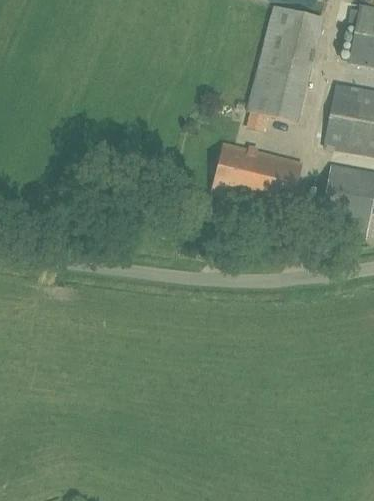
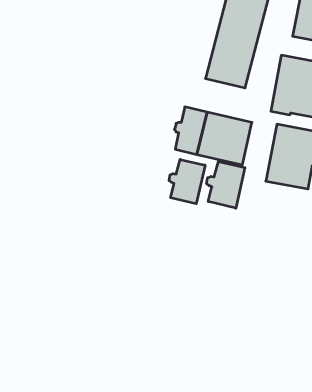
building: none -> [169,159,205,204]
building: none -> [207,161,245,208]

